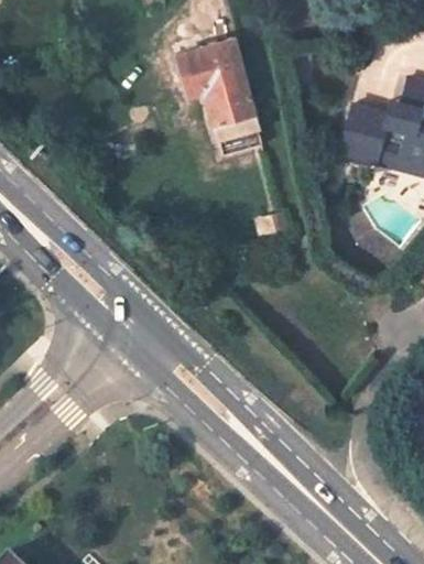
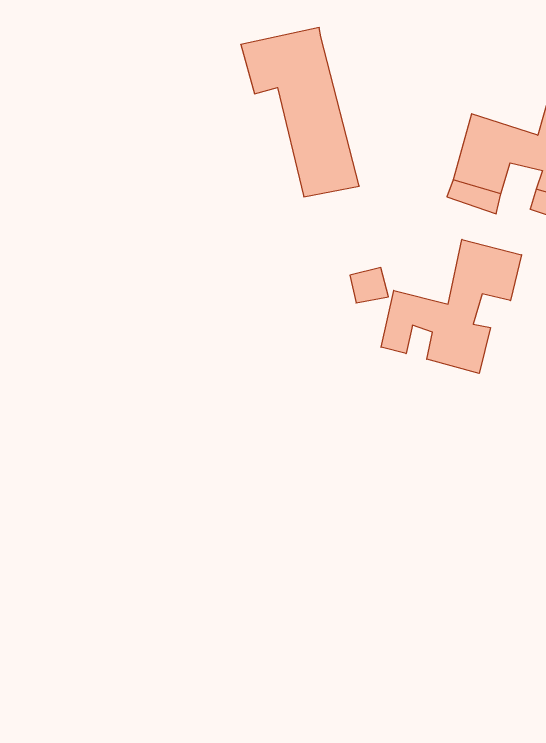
building: none -> [381,239,522,373]

